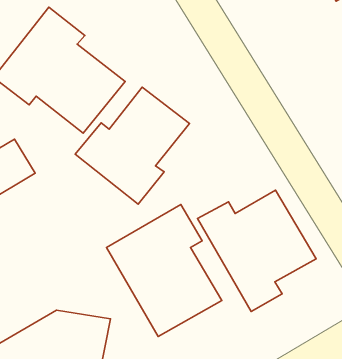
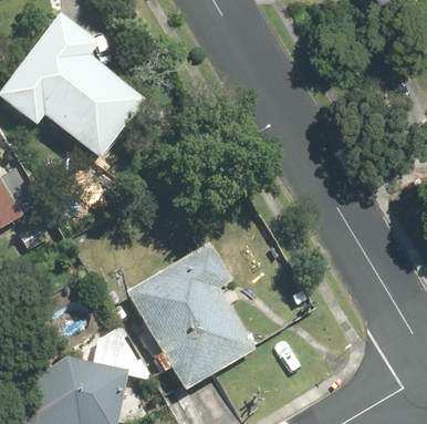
building: [75,87,190,204] -> none
building: [197,190,316,311] -> none

